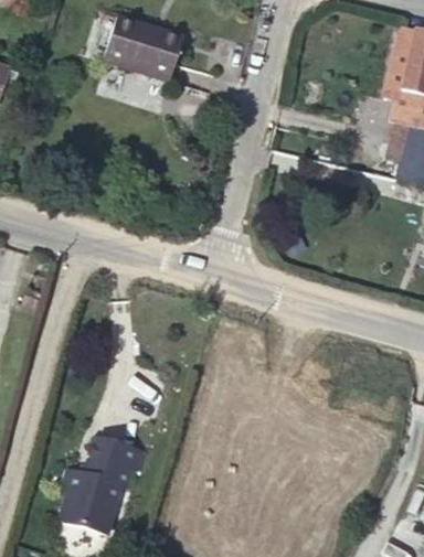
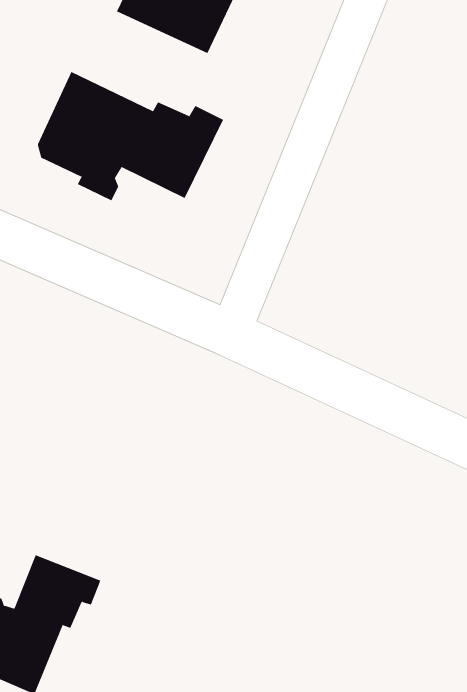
building: none -> [37,71,224,201]

